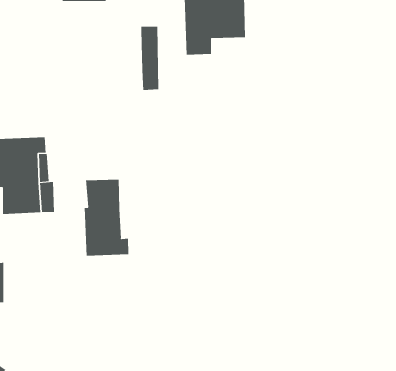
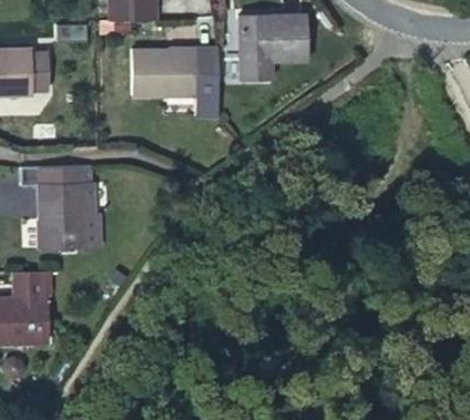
building: none -> [133,50,194,95]
building: [84,179,129,257] -> none

